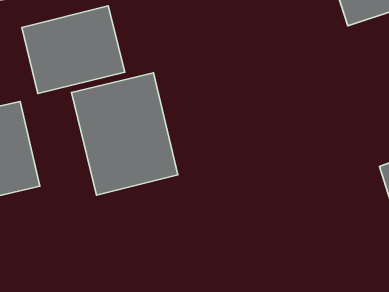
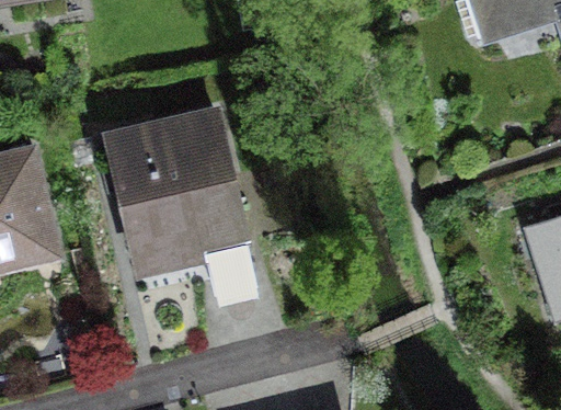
building: [22,6,125,94] -> none

